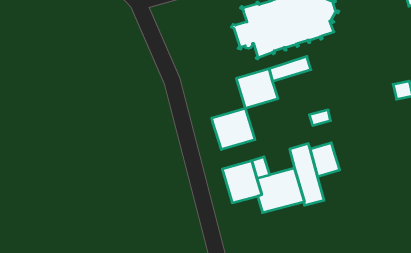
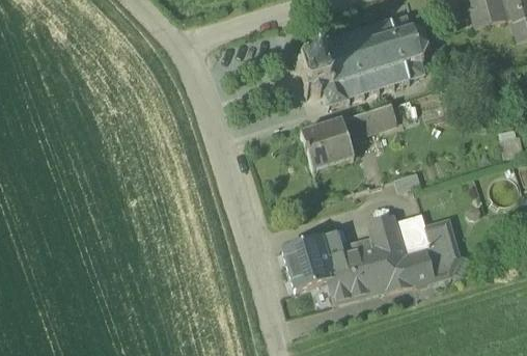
building: [212,108,255,150] -> none
building: none -> [404,221,457,285]

